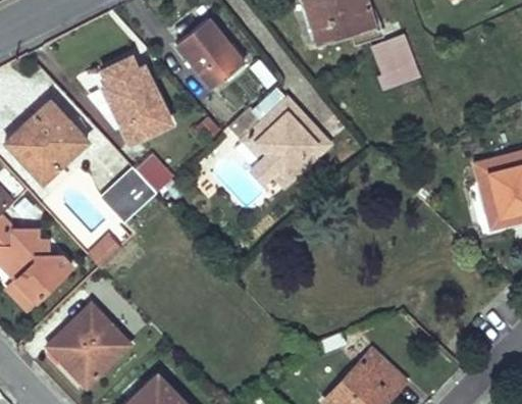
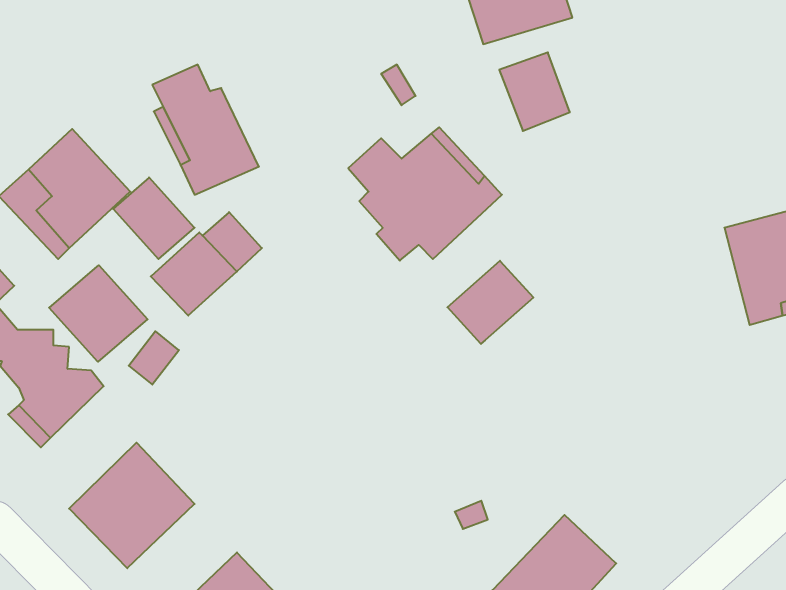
building: [176,20,244,89] -> none
building: [373,38,419,89] -> [499,52,570,131]
building: none -> [447,261,533,344]
building: none -> [49,265,148,362]

